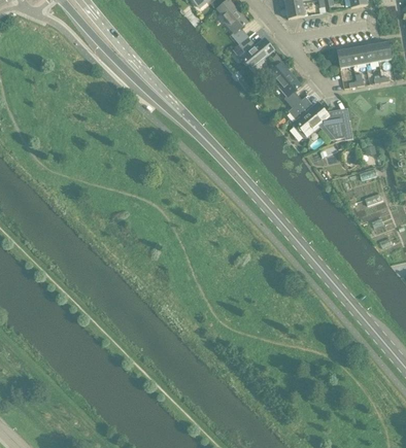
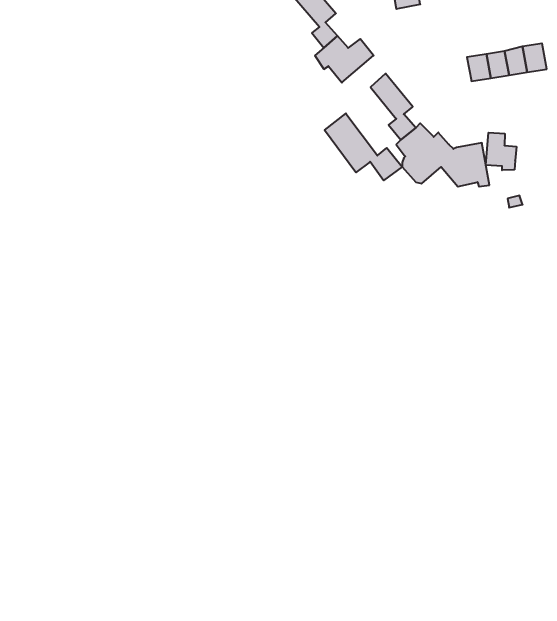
building: none -> [325,113,402,180]
building: none -> [486,133,516,170]

